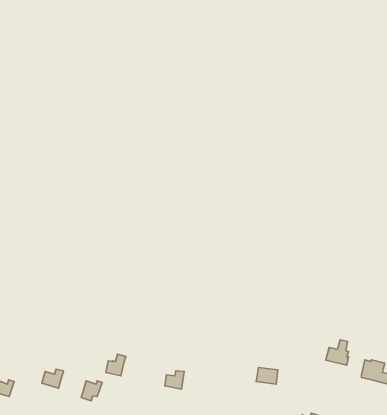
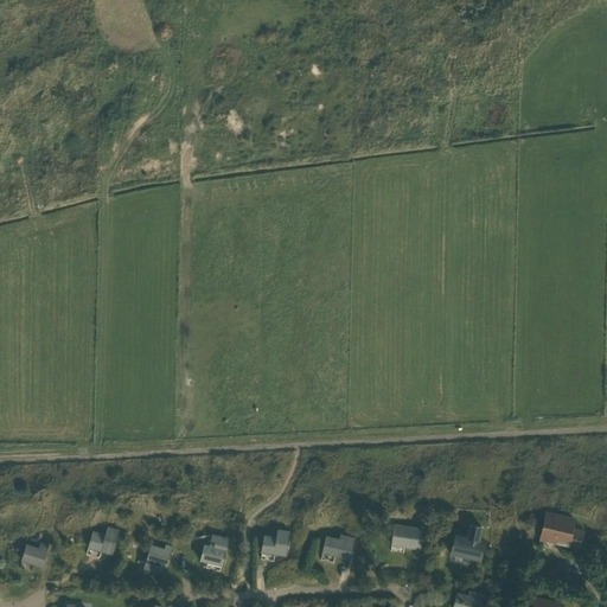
building: [326,340,348,365] -> [451,525,483,561]
building: [106,354,126,376] -> [200,535,229,566]
building: none -> [322,535,354,560]

